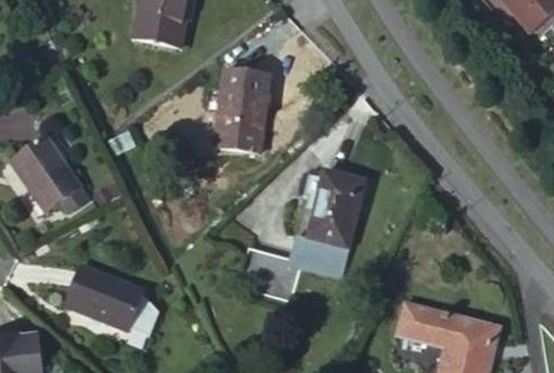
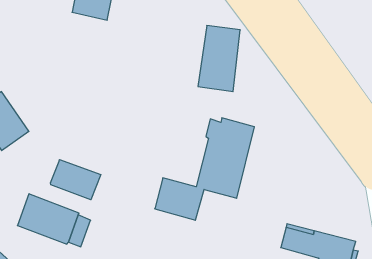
building: [216,69,269,153] -> [198,26,240,92]
building: none -> [51,160,101,200]

